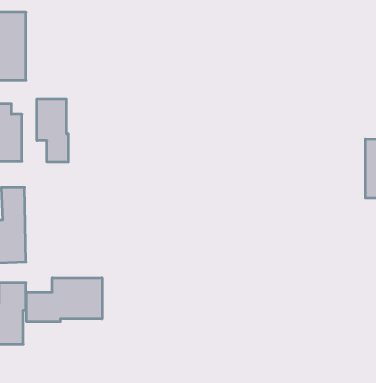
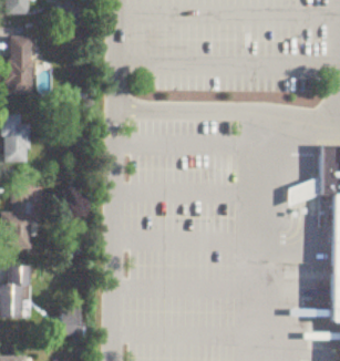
building: [37,99,68,162] -> none
building: [27,278,102,322] -> none

